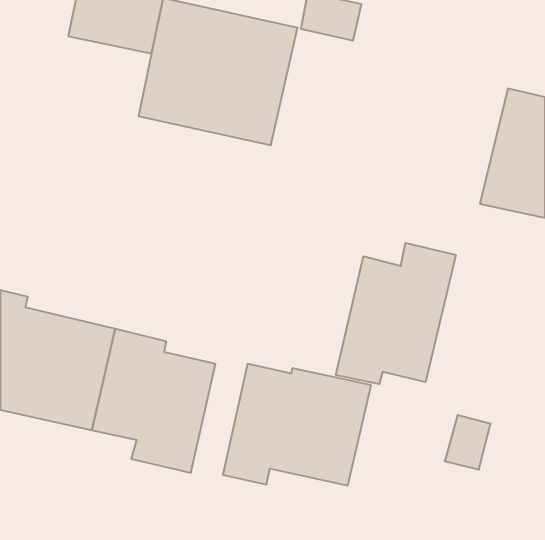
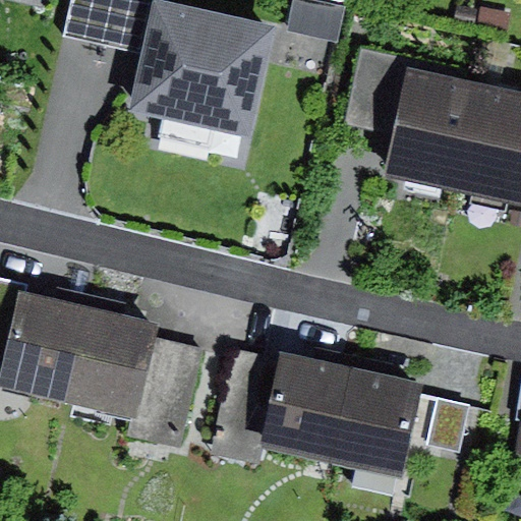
building: none -> [344,46,484,194]
building: [336,243,456,384] -> none
building: none -> [332,367,423,479]

